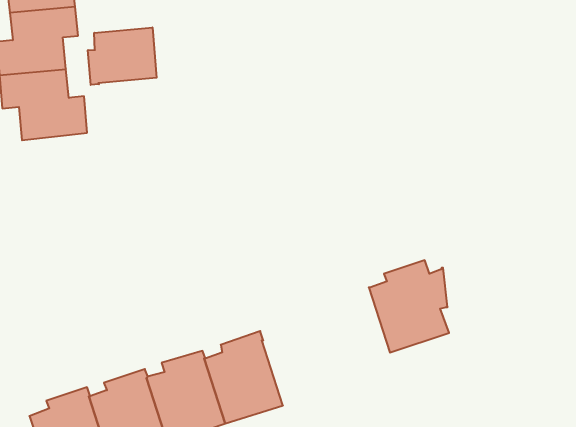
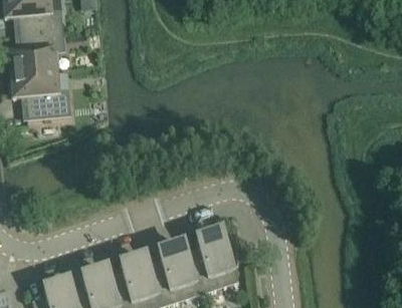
building: [88,27,157,85] -> none
building: [369,260,449,353] -> [185,231,238,292]

